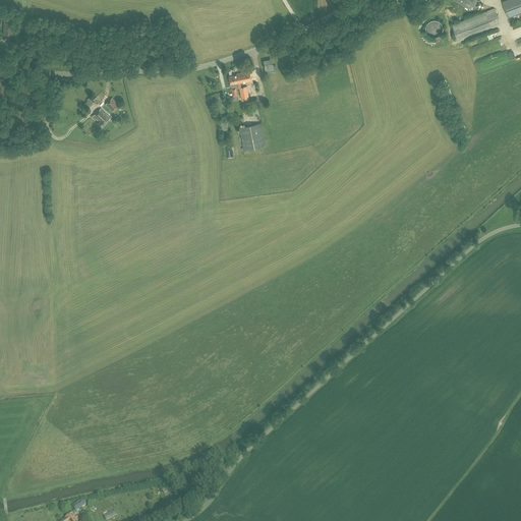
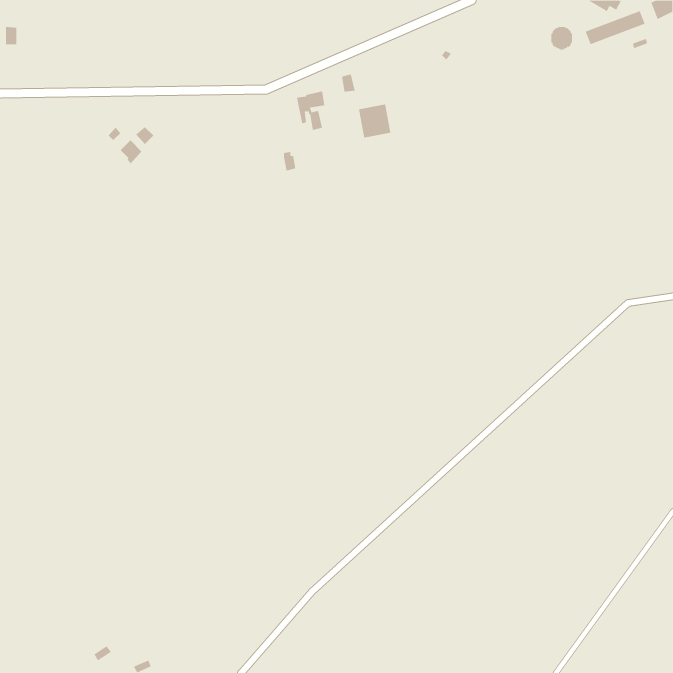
building: [239,123,265,150] -> [358,104,391,138]

